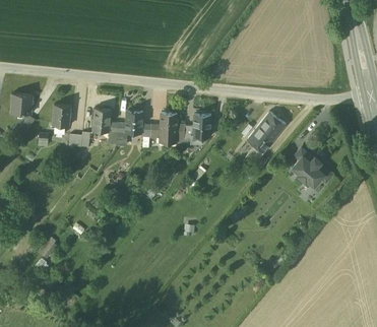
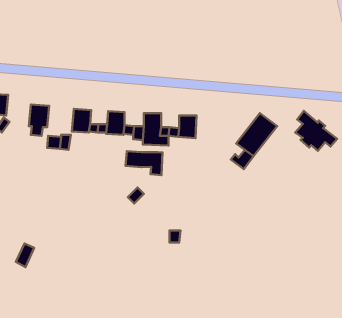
building: [293,147,332,185] -> [295,111,337,151]
building: none -> [126,151,162,175]

